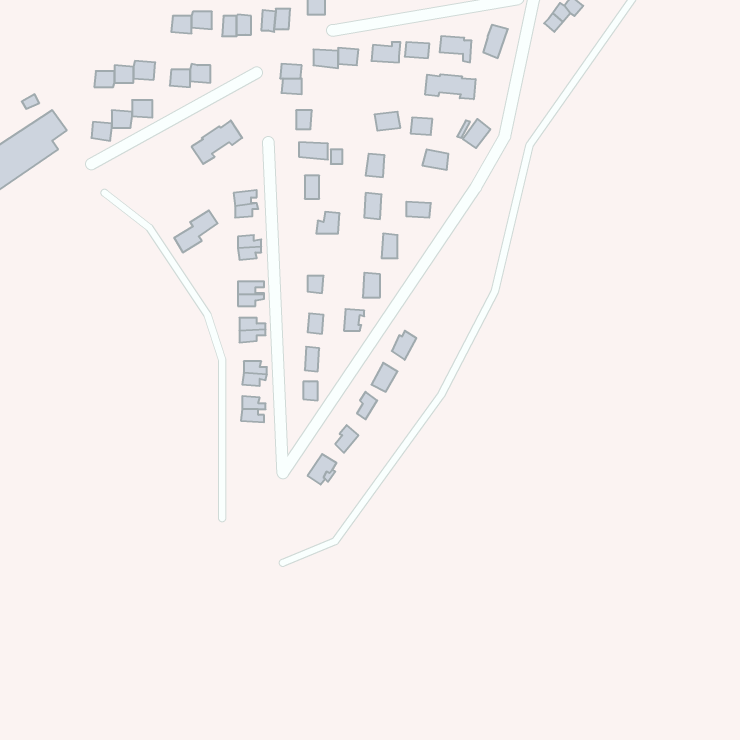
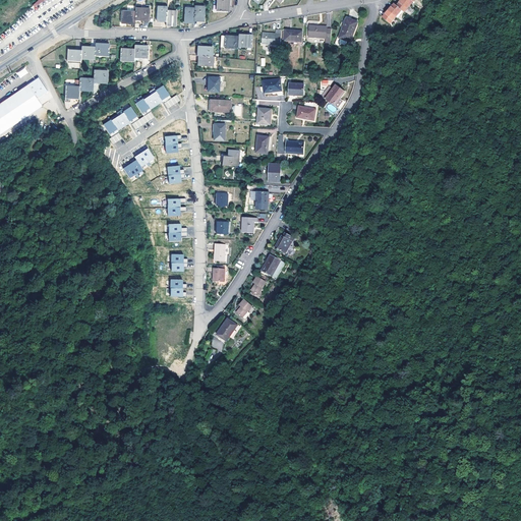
building: [425,74,476,99] -> none
building: none -> [103,106,138,136]

